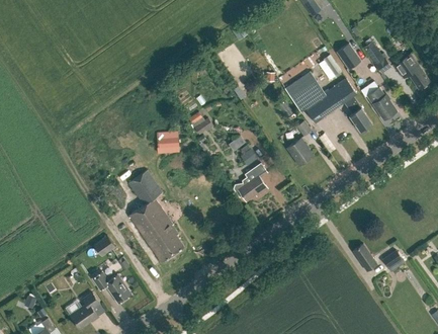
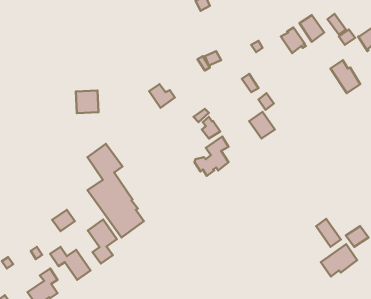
building: [285,71,371,131] -> none
building: [157,132,179,154] -> [76,90,99,113]
building: none -> [88,220,117,263]
building: none -> [321,244,357,276]

